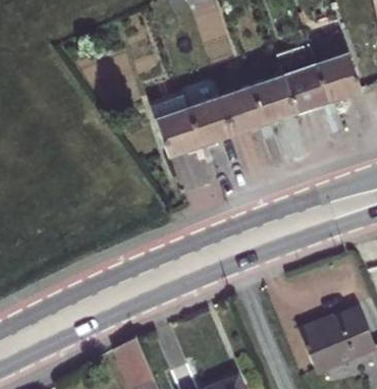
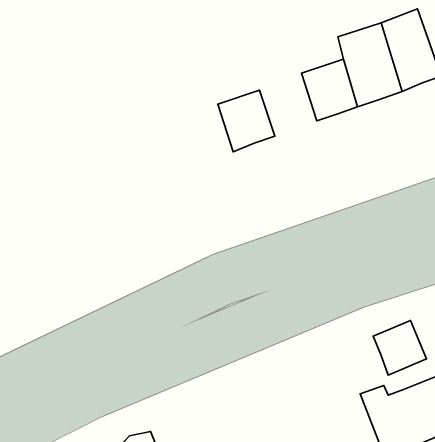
building: [222,87,264,132] -> none
building: [150,97,203,156] -> none
building: none -> [373,321,426,375]

